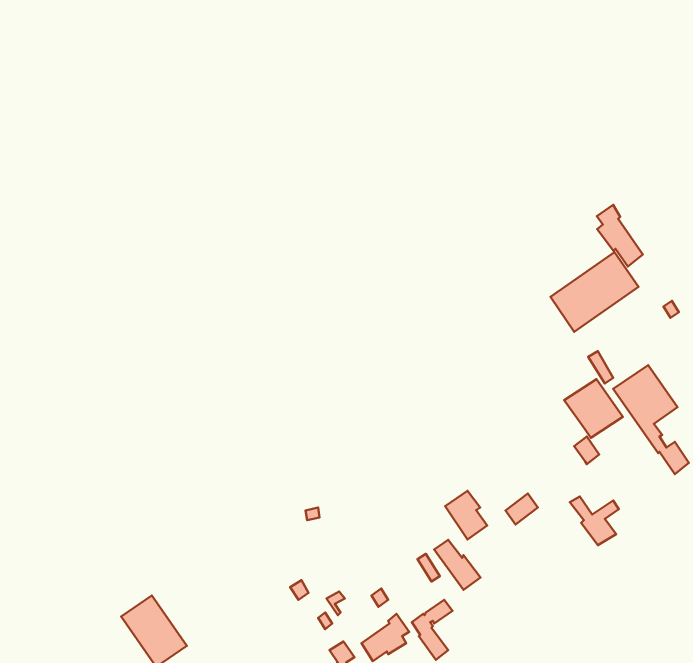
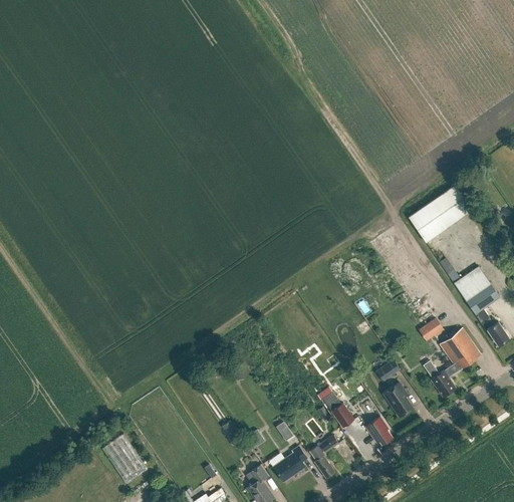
building: [597,205,643,267] -> none
building: [564,379,623,438] -> [439,327,481,369]
building: [445,491,487,540] -> [382,382,413,417]
building: none -> [365,416,393,444]

